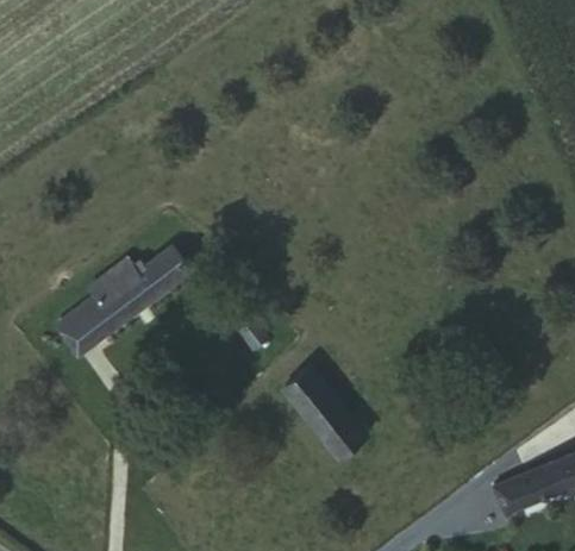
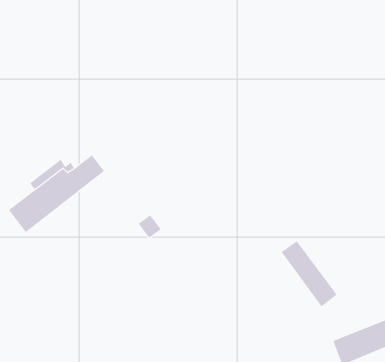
building: [286,372,360,459] -> [281,240,338,307]

